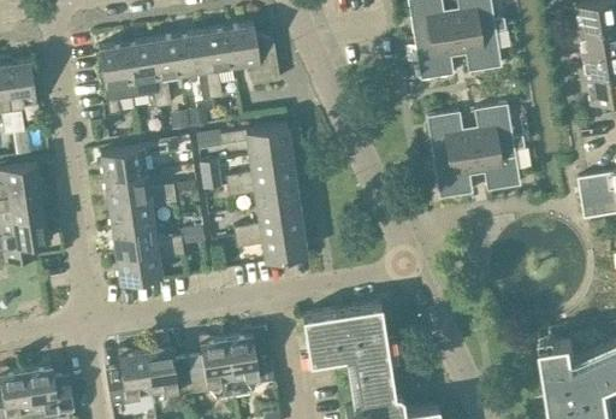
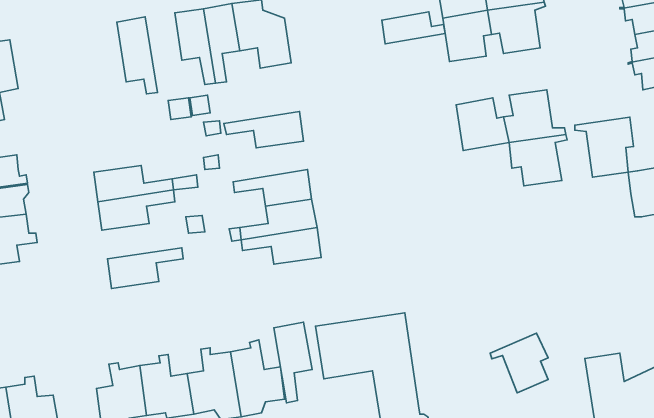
building: none -> [382,12,445,44]
building: [149,36,182,107] -> none
building: [97,45,132,114] -> none
building: none -> [575,117,634,177]
building: [100,142,168,178] -> none
building: [225,151,294,187] -> none
building: [432,152,475,199] -> none
building: [111,224,182,255] -> none
building: none -> [274,322,312,403]
building: none -> [490,333,548,393]

